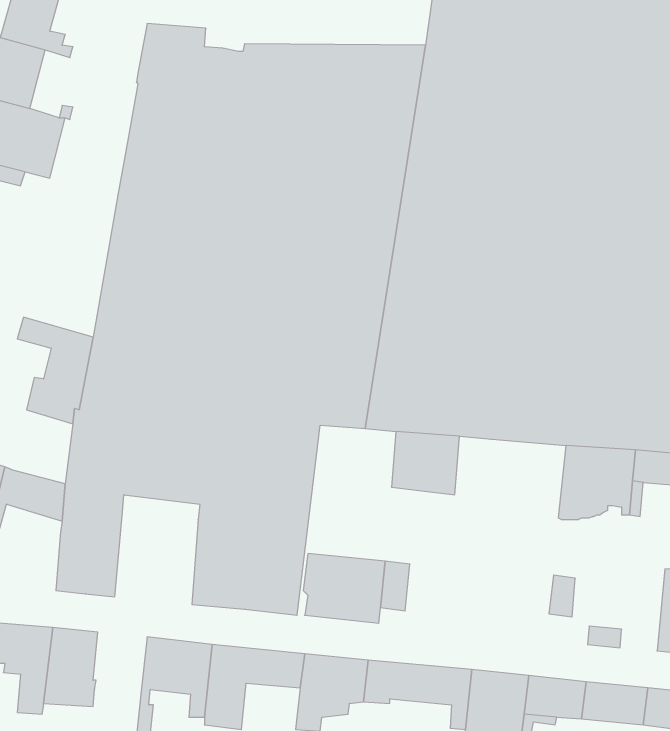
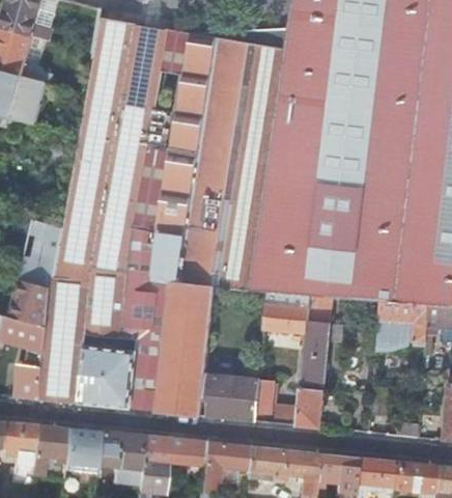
building: none -> [10,278,51,328]
building: none -> [299,296,340,427]
building: none -> [79,347,135,409]
building: none -> [9,358,43,399]
building: none -> [64,427,101,469]

